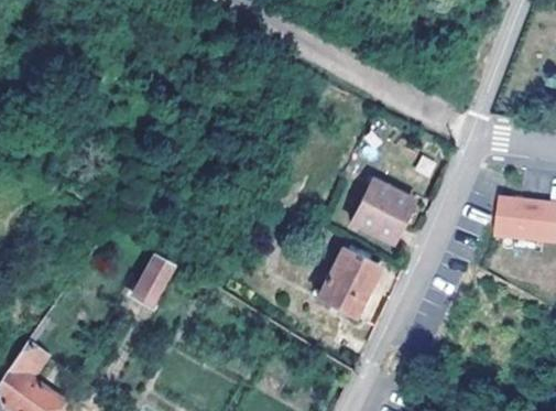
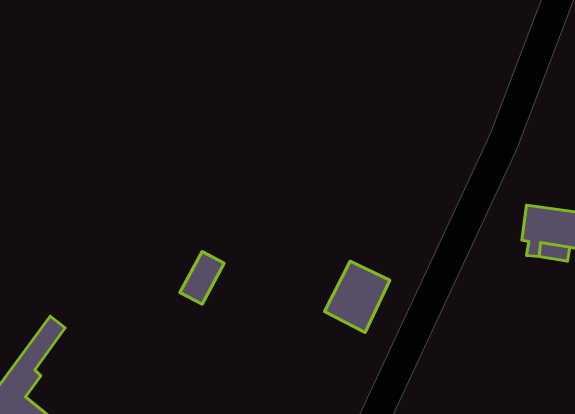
building: [353,182,414,241] -> none
building: [133,256,175,305] -> [180,252,224,304]

